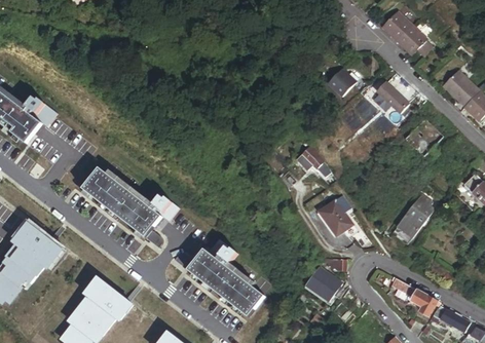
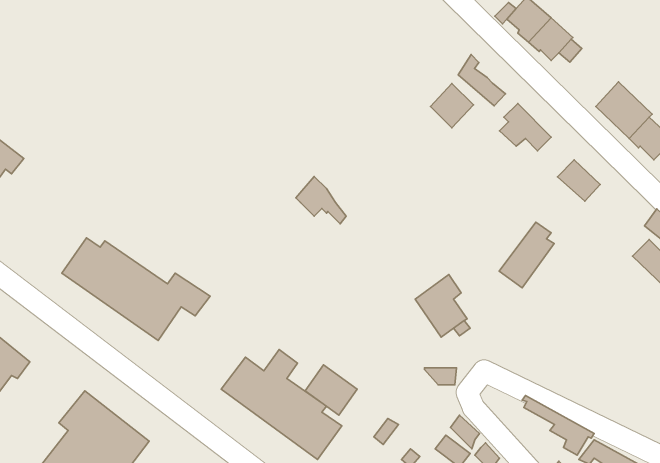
building: none -> [458,54,505,106]
building: [294,145,328,177] -> [296,176,346,224]
building: [396,191,433,235] -> [499,222,554,288]
building: [304,266,339,300] -> [305,365,357,415]

